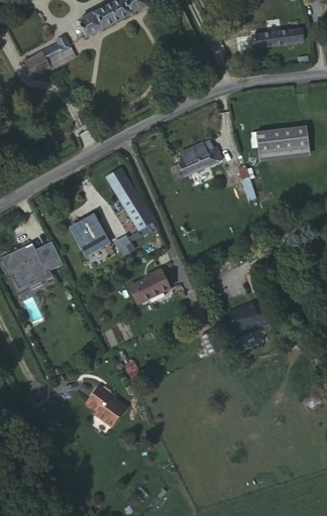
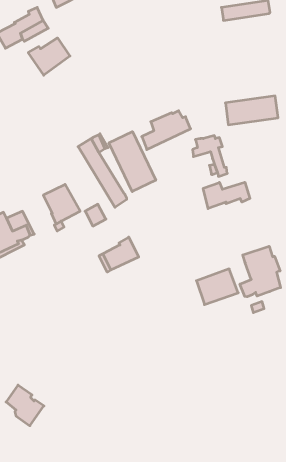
building: none -> [28,38,70,75]
building: none -> [109,132,156,192]
building: none -> [203,182,250,209]
building: none -> [240,246,281,297]
building: [86,387,124,428] -> [6,385,44,426]

